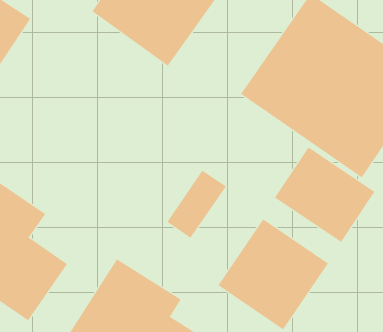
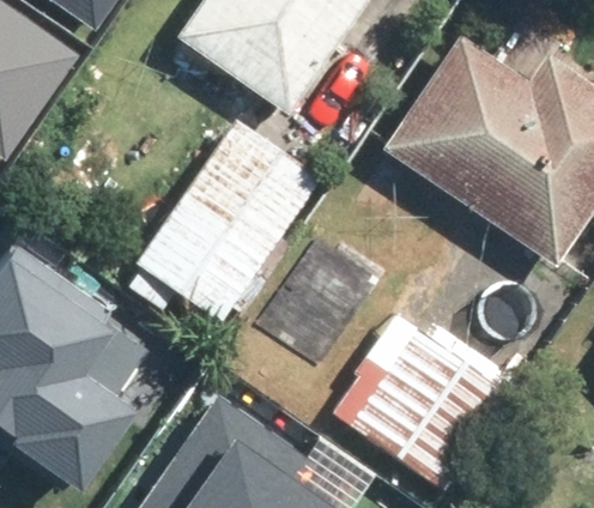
building: none -> [139,125,317,319]
building: [274,147,375,243] -> none

